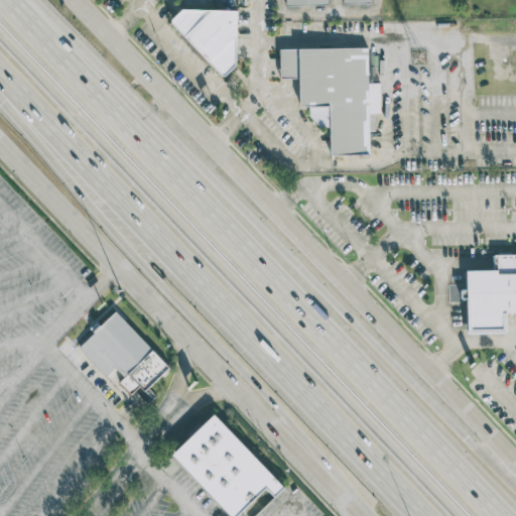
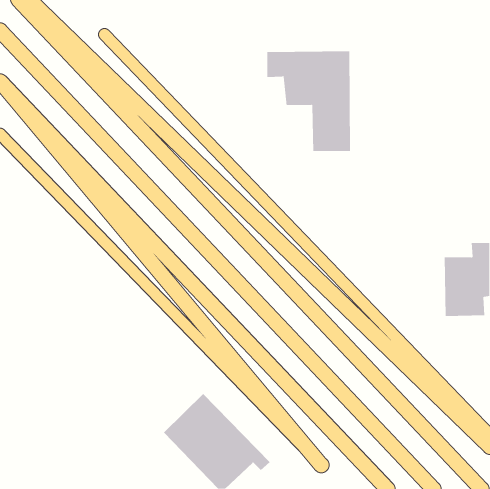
building: [169,6,236,76] -> none
building: [79,311,169,393] -> none

